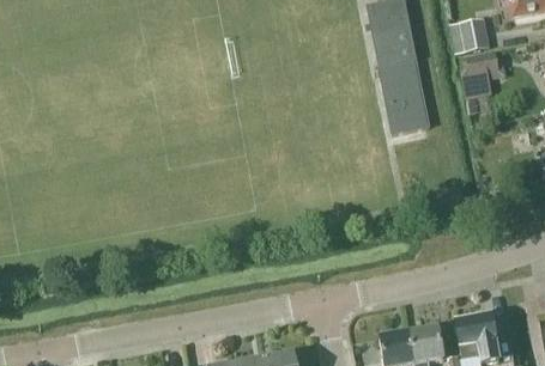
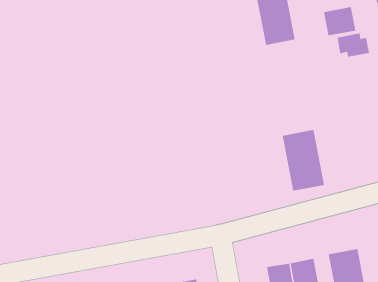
building: [377,57,430,133] -> [282,130,325,191]

